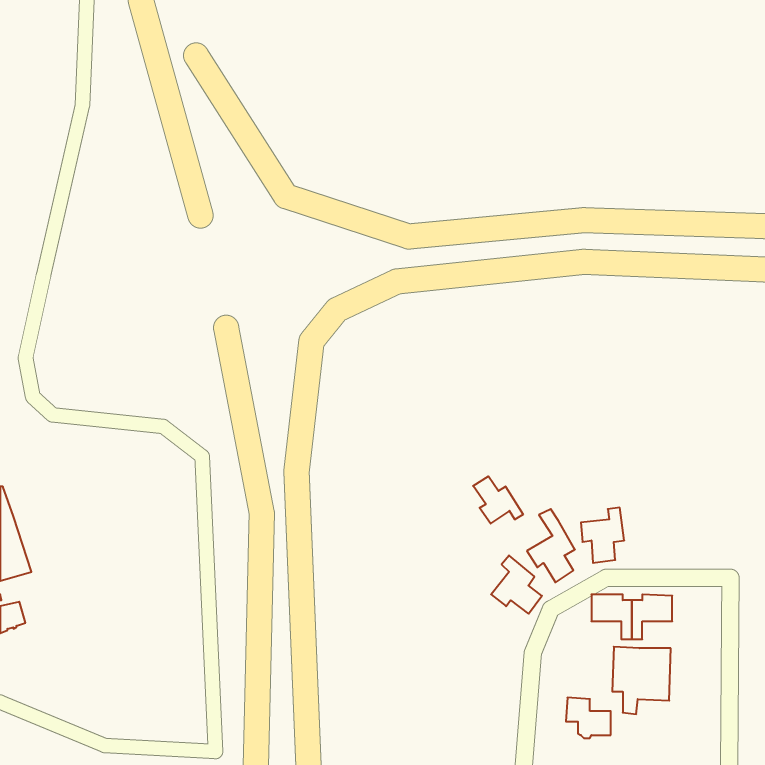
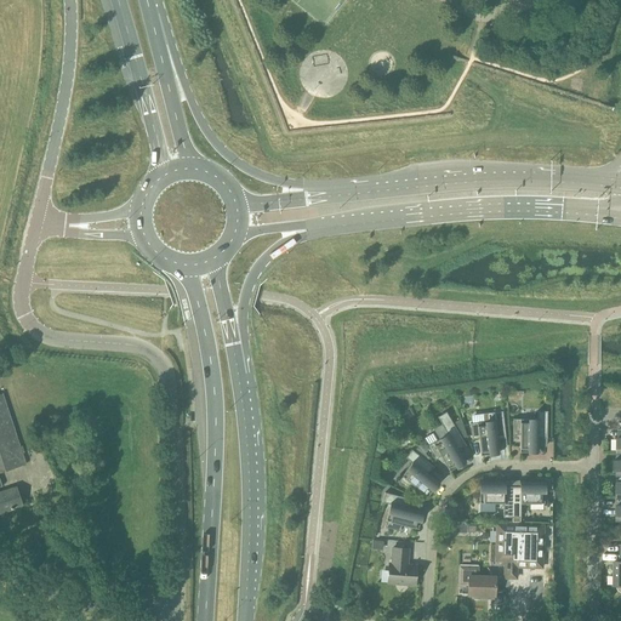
building: [473,476,523,524] -> none
building: none -> [513,411,547,452]
building: none -> [382,492,423,531]
building: none -> [388,548,416,585]

